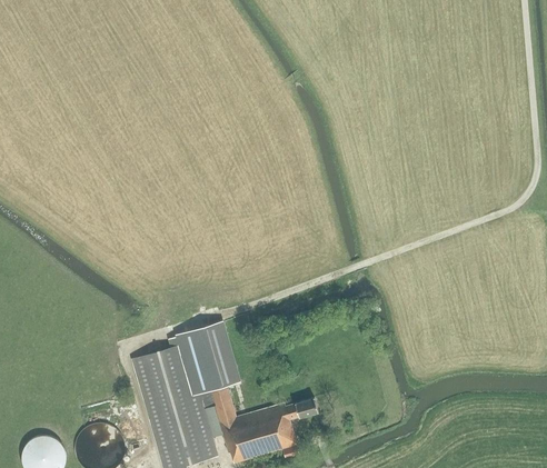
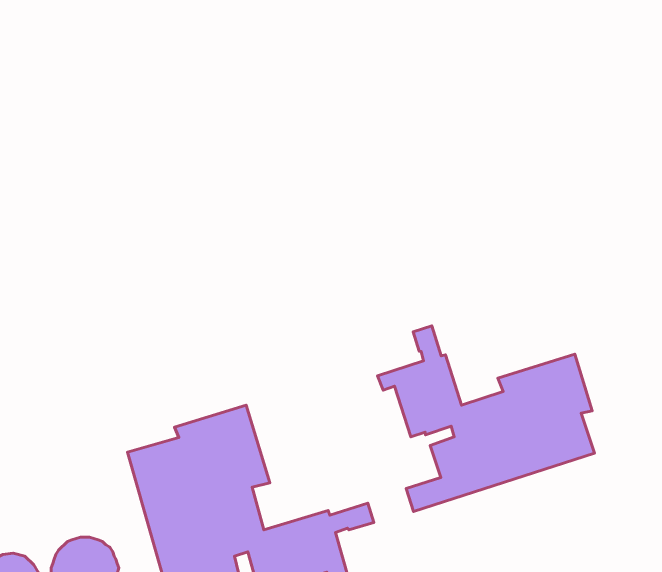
building: none -> [377,326,595,511]

